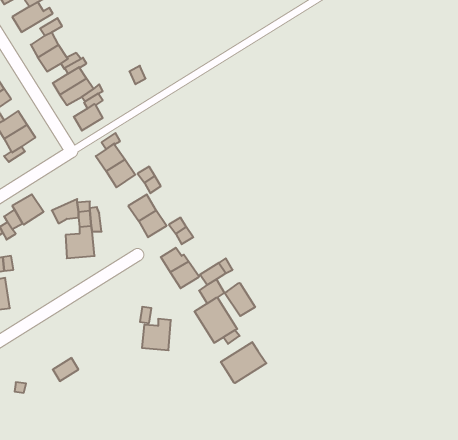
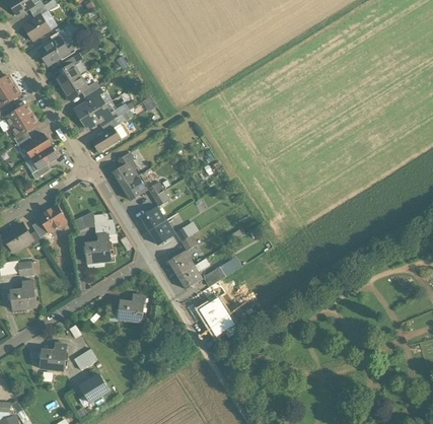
building: [225,283,255,316] -> none
building: [142,319,171,350] -> [118,294,143,322]
building: [221,342,266,383] -> none
building: none -> [40,343,66,370]
building: none -> [79,373,109,402]

